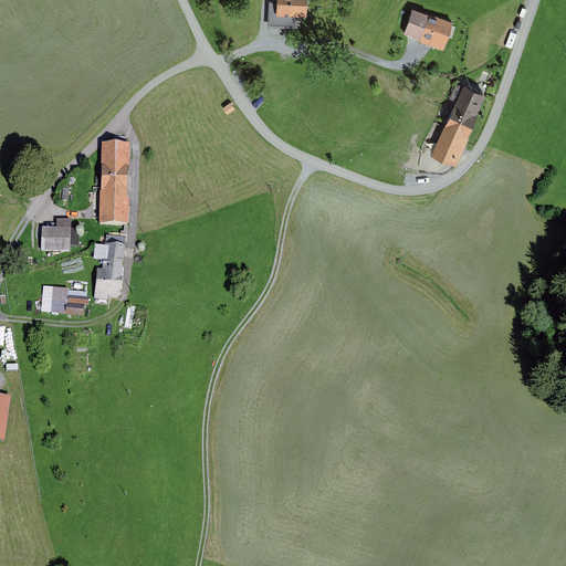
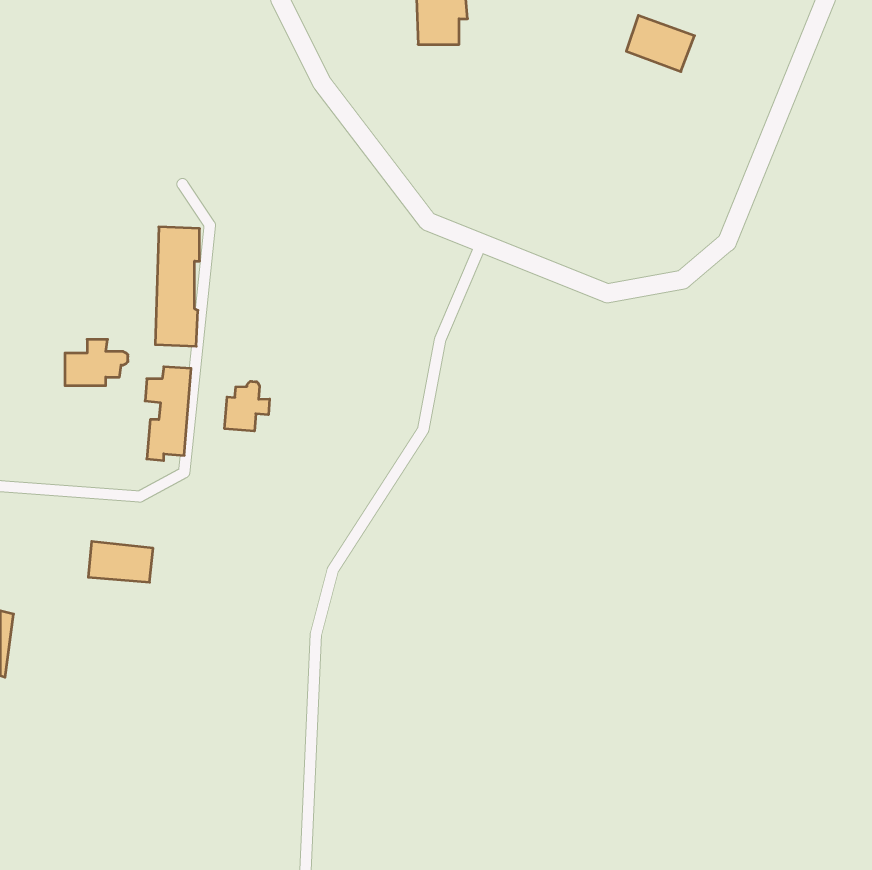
building: [432,85,483,160] -> none
building: none -> [225,381,270,431]
building: [42,287,84,314] -> [88,541,153,582]

